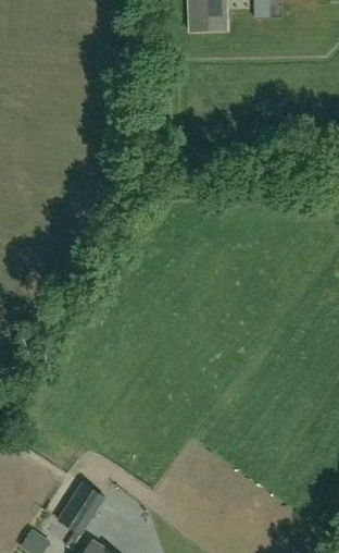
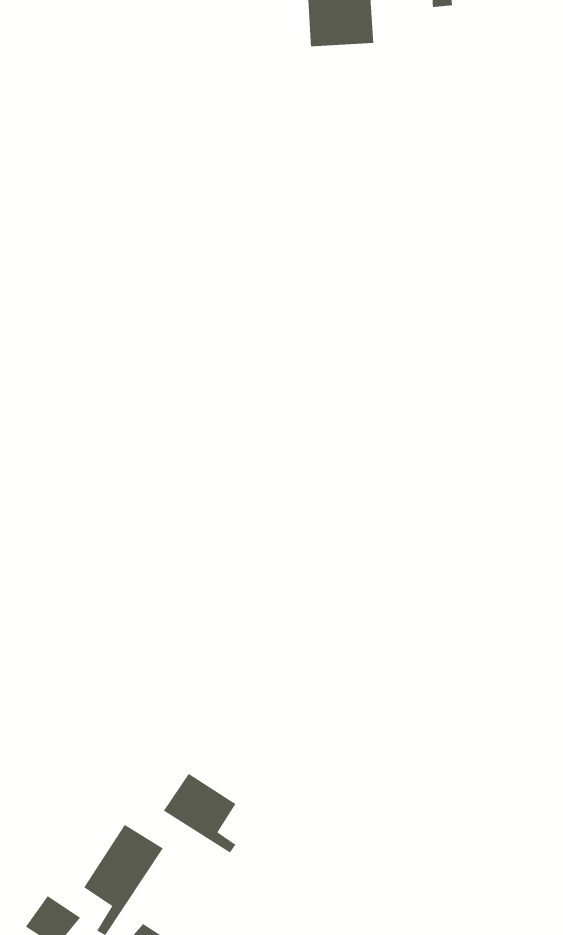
building: none -> [163,773,236,853]

